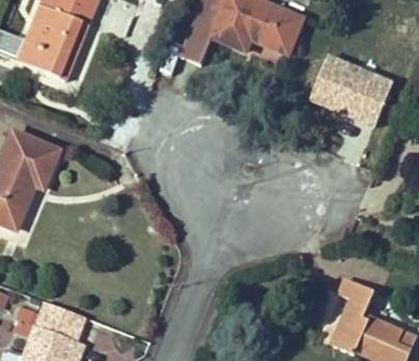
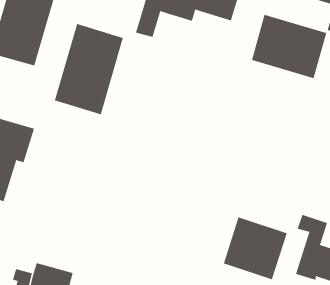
building: none -> [54,23,124,115]
building: none -> [223,217,287,280]

